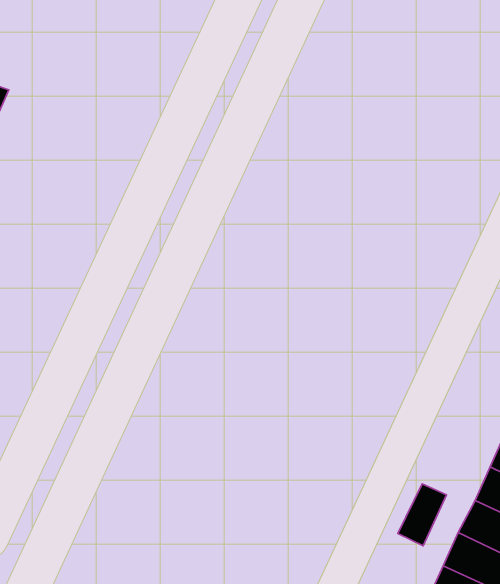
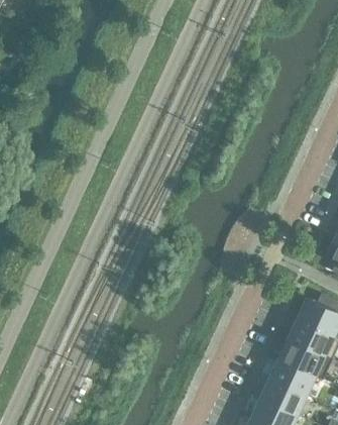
building: [398,484,447,546] -> none

